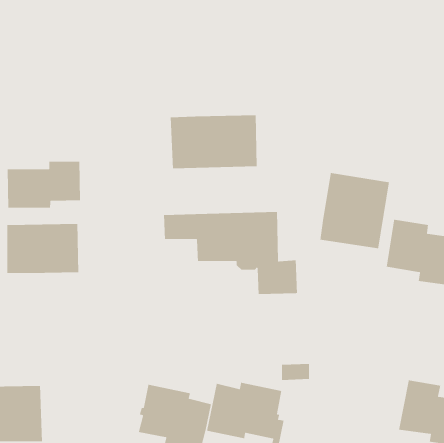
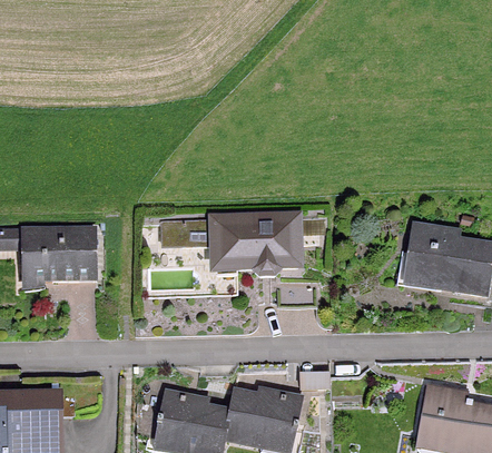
building: [170,114,257,169] -> none
building: [7,161,81,209] -> none
building: [319,172,390,249] -> none

